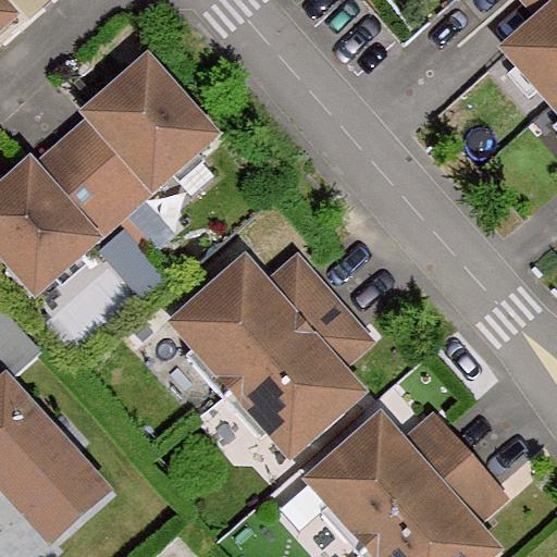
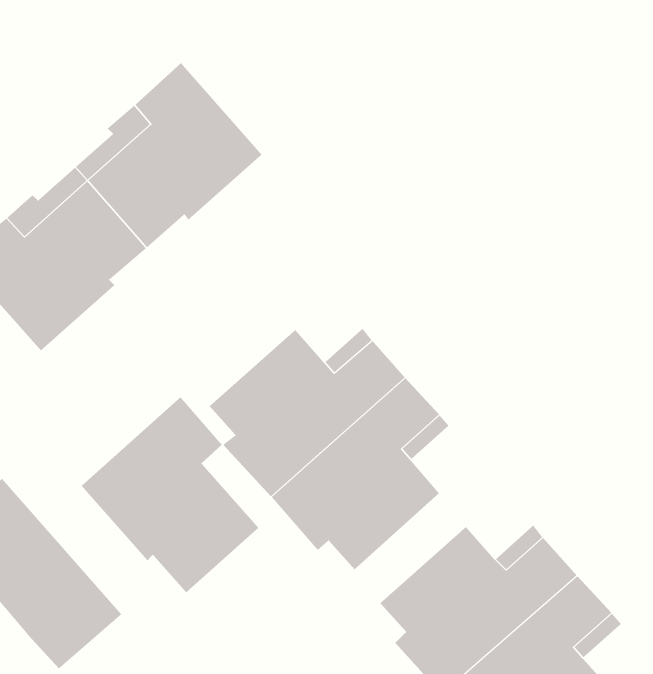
building: none -> [81,396,259,593]

